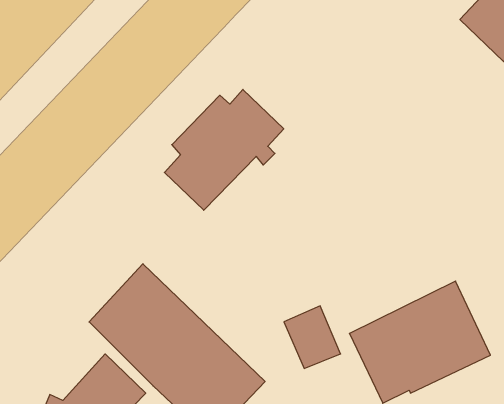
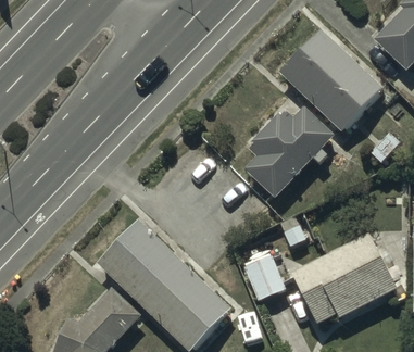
building: none -> [279,29,382,131]
building: [164,89,284,210] -> [244,106,334,197]

